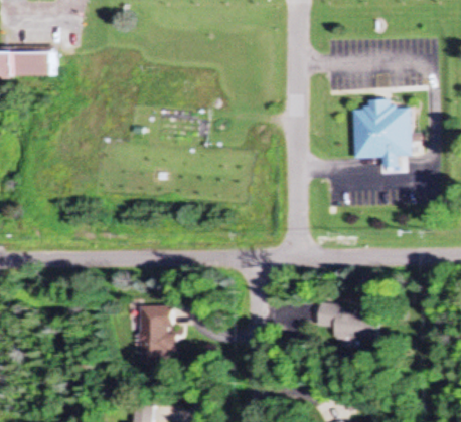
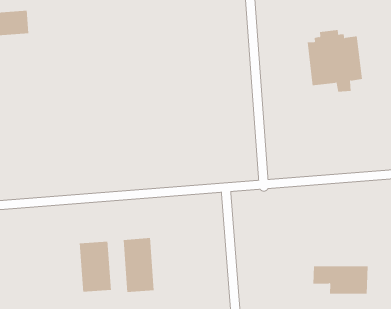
building: none -> [79,241,112,293]
building: [319,307,380,342] -> [313,266,368,294]

